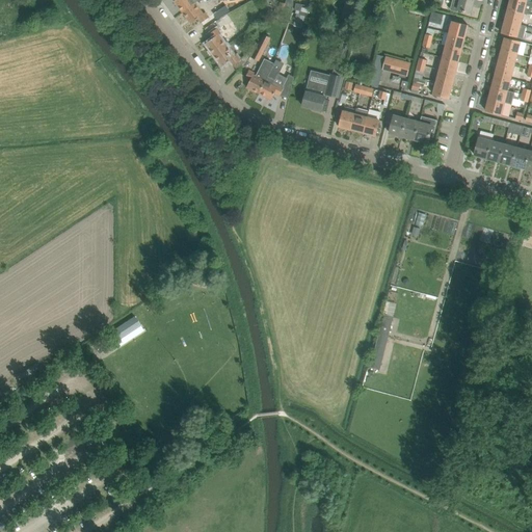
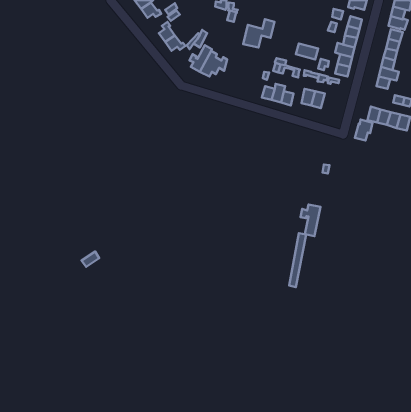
building: [301,74,342,110] -> [243,19,275,48]
building: [414,115,436,142] -> [355,119,373,140]
building: none -> [300,204,320,236]

